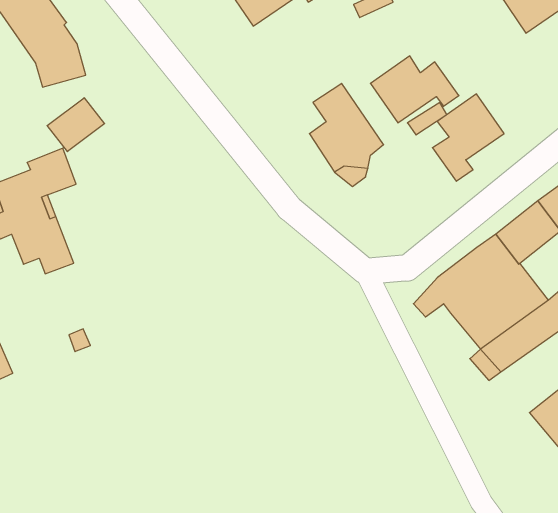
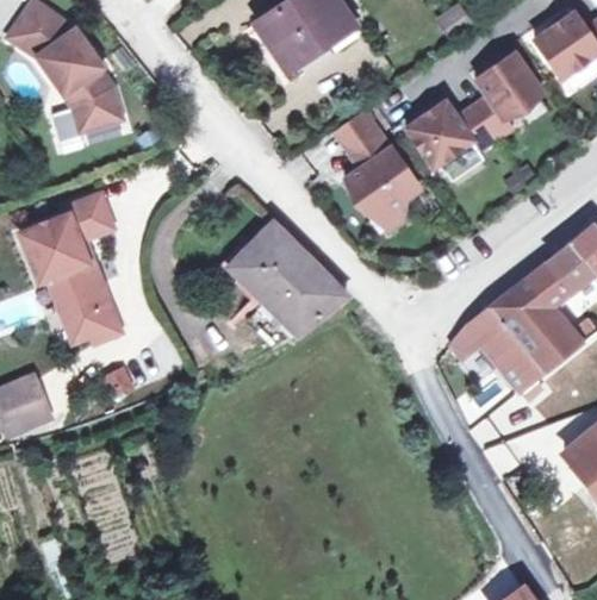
building: [432,94,504,181] -> [471,51,542,138]
building: [47,98,105,152] -> none
building: none -> [228,224,347,332]
building: none -> [61,300,120,342]

